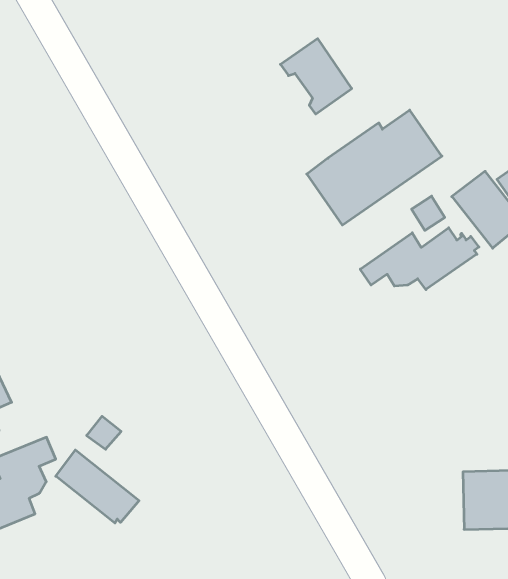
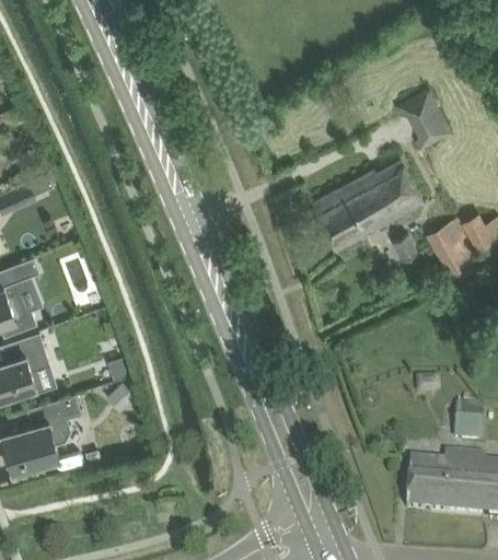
building: [280,39,352,114] -> [396,91,452,152]
building: [360,228,479,290] -> none
building: [56,450,139,523] -> none

